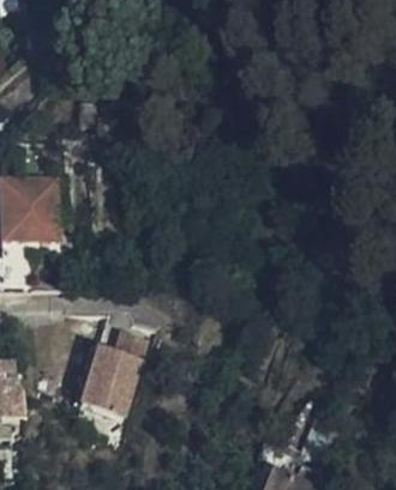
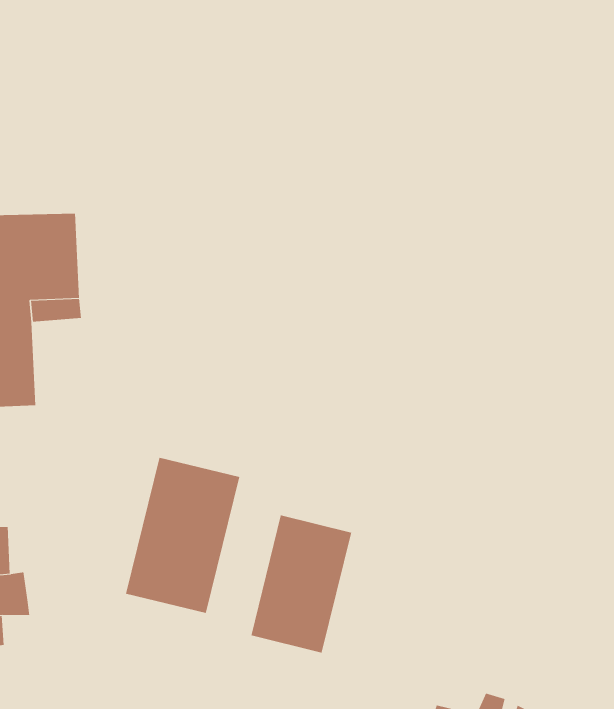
building: none -> [251,514,352,654]

